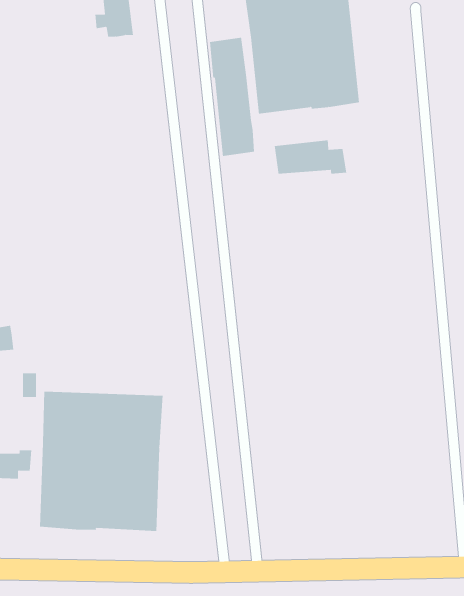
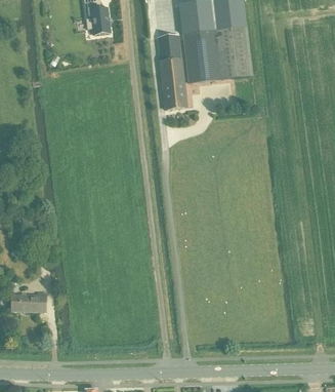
building: [274,140,347,174] -> none
building: [40,391,163,532] -> none

